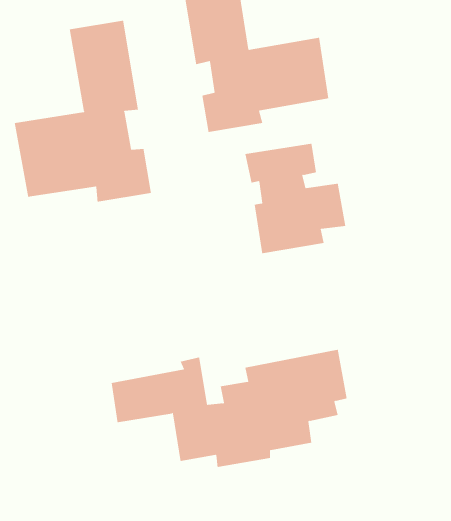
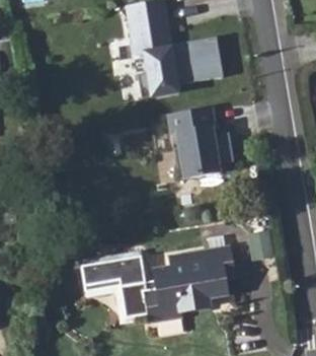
building: [14,20,151,203] -> none

